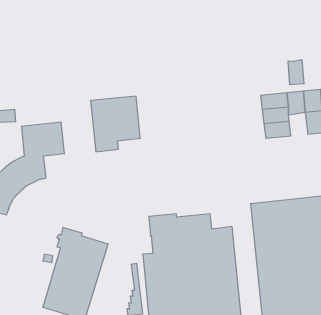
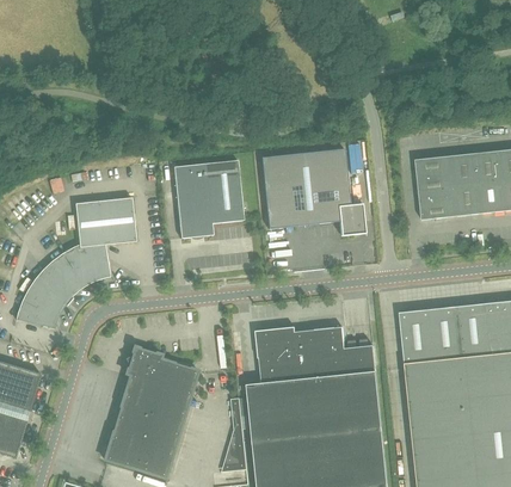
building: [288,60,304,85] -> none
building: none -> [261,148,364,235]
building: none -> [454,183,481,216]

